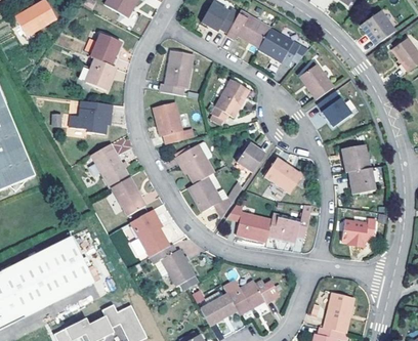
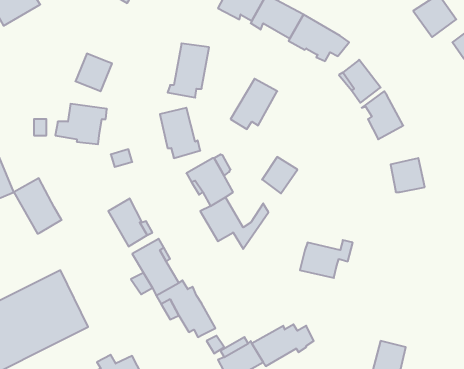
building: [90,34,120,66] -> none
building: [90,143,129,188] -> [14,178,62,234]
building: [264,158,302,193] -> none
building: [348,167,379,194] -> none
building: [227,203,271,241] -> none
building: [341,218,375,244] -> none

